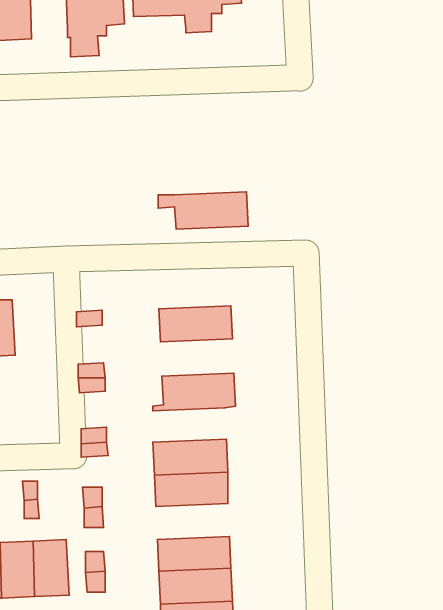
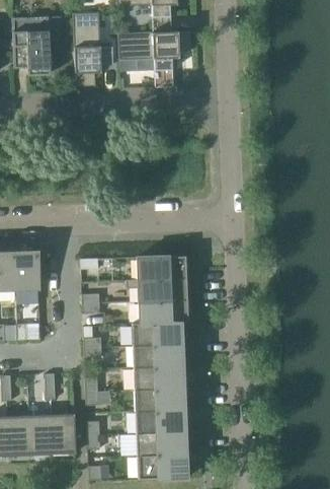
building: [158,192,248,229] -> [127,278,187,303]
building: none -> [133,325,182,348]
building: none -> [135,390,184,414]

